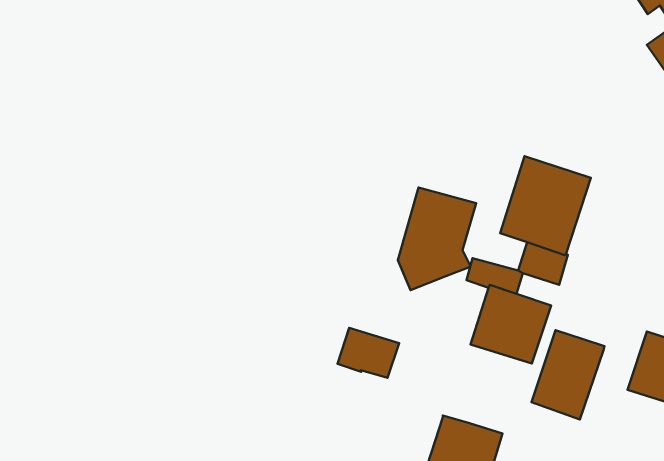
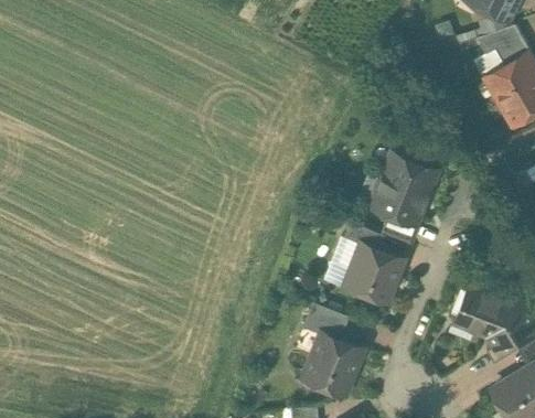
building: [398,187,476,290] -> none
building: [337,328,399,378] -> [303,303,349,341]
building: [532,330,605,420] -> none

